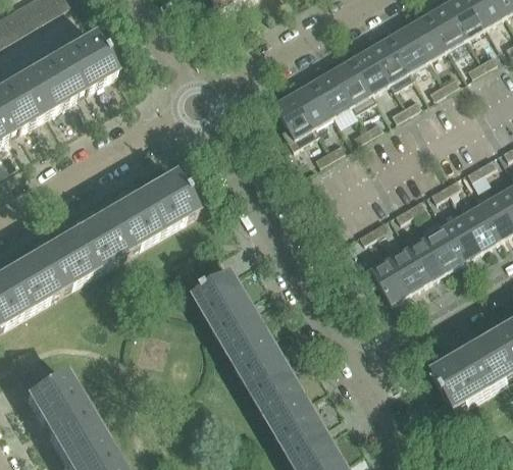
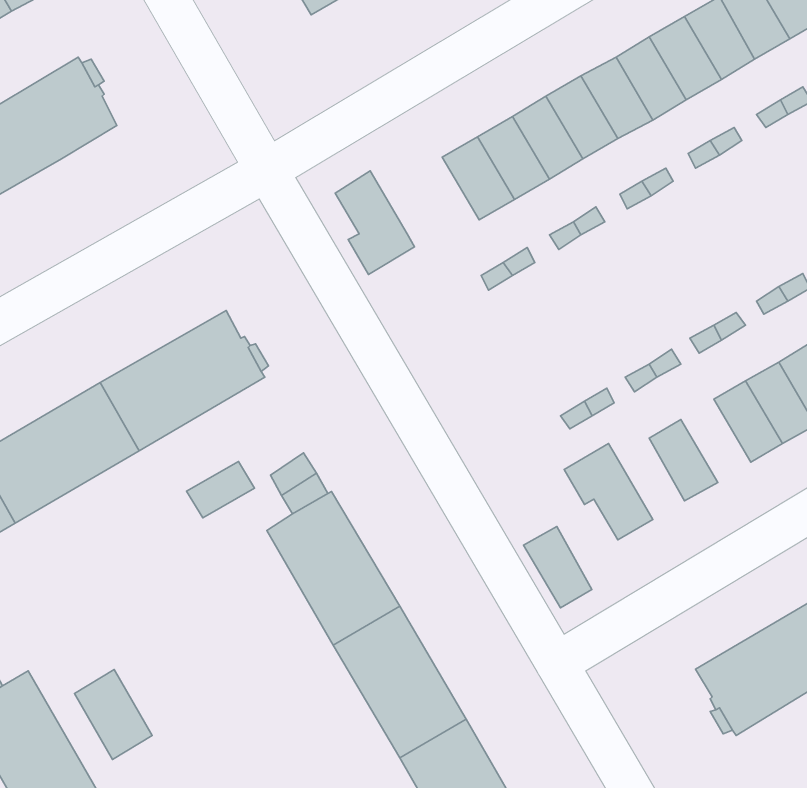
building: [275,90,319,147] -> [335,171,415,274]
building: [426,223,465,269] -> none
building: [391,245,428,290] -> [523,527,592,608]
building: none -> [187,461,255,518]
building: none -> [74,669,152,759]

